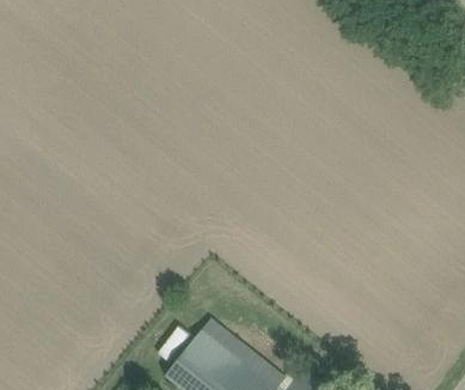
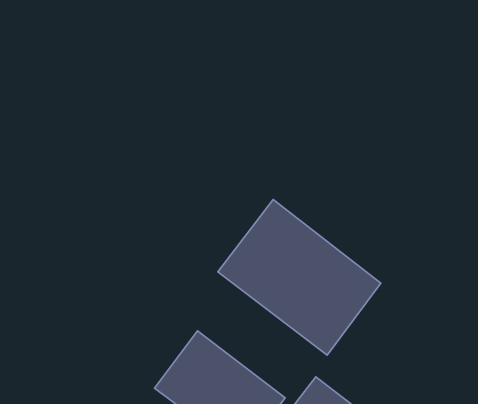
building: none -> [218,199,381,355]

